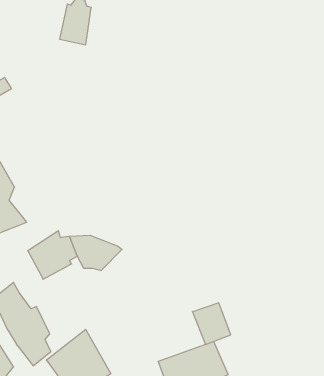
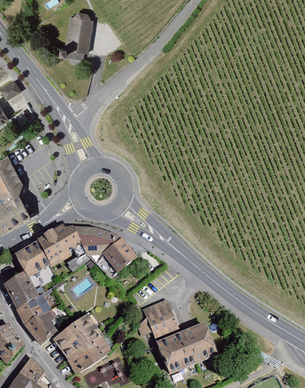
building: none -> [96,239,136,278]
building: none -> [13,240,48,278]
building: [192,303,231,345] -> [143,300,178,338]

